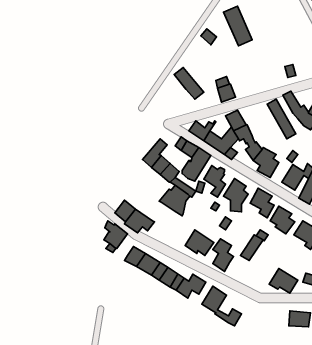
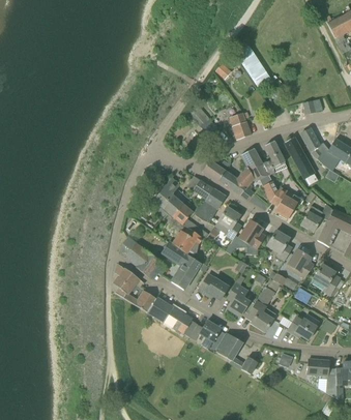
building: none -> [264,142,288,176]
building: none -> [163,242,201,290]
building: none -> [246,301,273,332]

